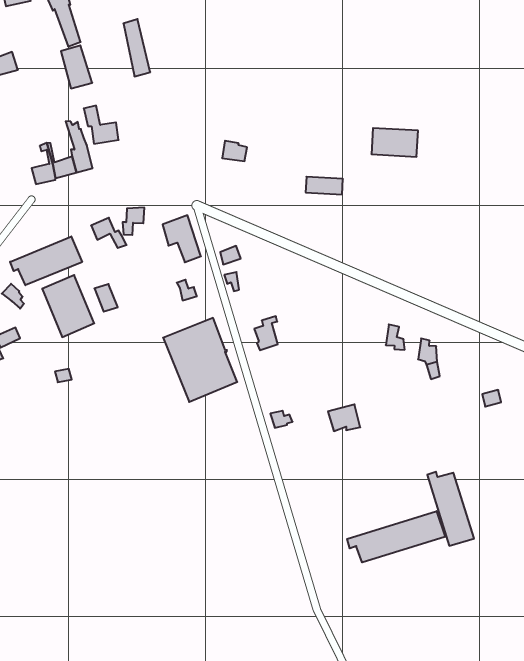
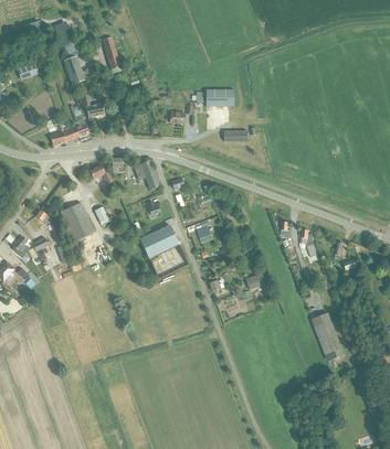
building: [371,128,418,157] -> [205,89,234,106]
building: [10,236,82,285] -> none
building: [347,511,445,562] -> none

